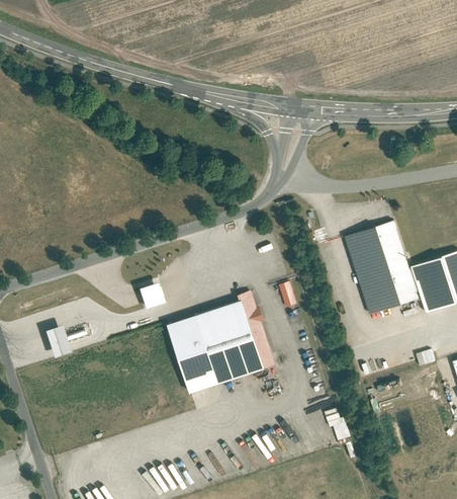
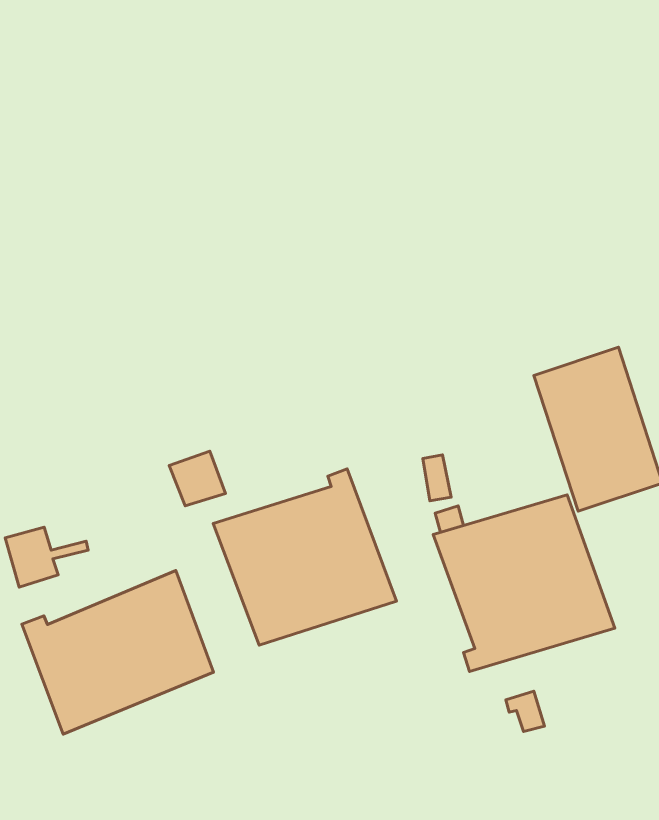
building: none -> [433,495,615,672]
building: none -> [22,571,213,734]

